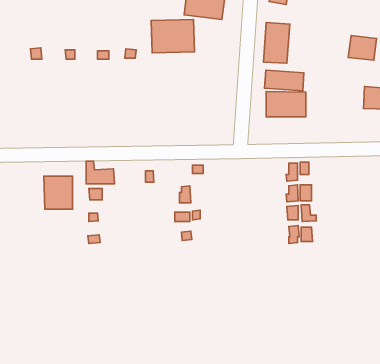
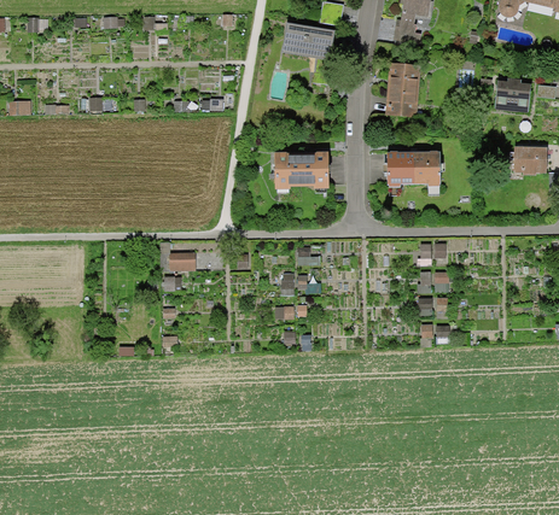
building: [151,20,195,53] -> [275,150,331,192]
building: [265,70,304,91] -> none
building: [44,176,72,209] -> none

